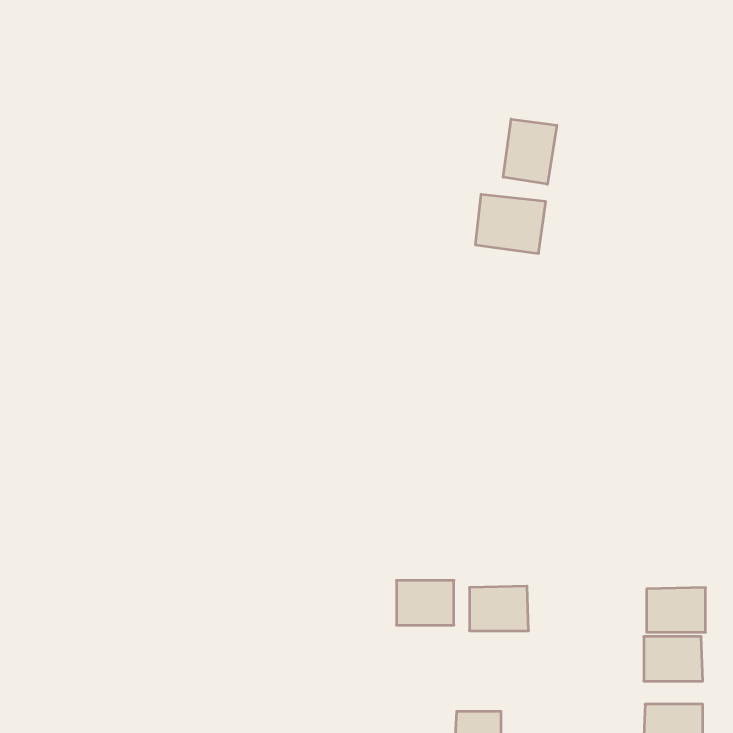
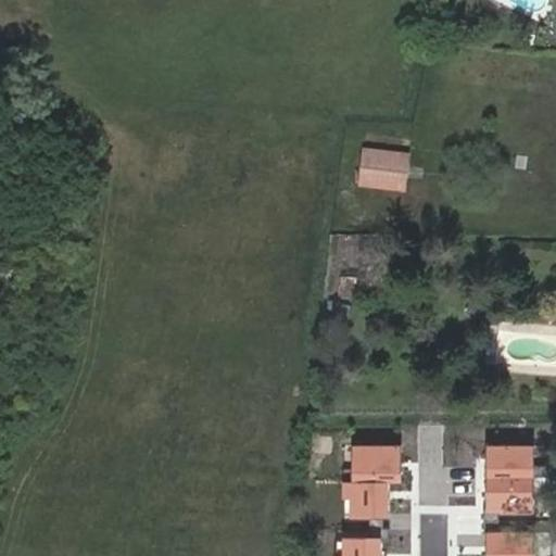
building: [503,119,557,184] -> none
building: [396,580,454,625] -> [343,483,387,517]

